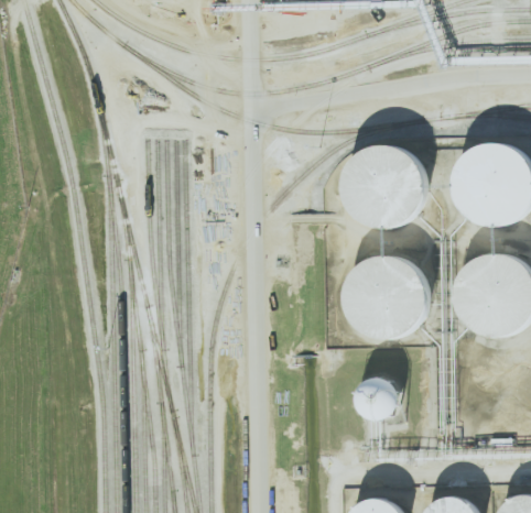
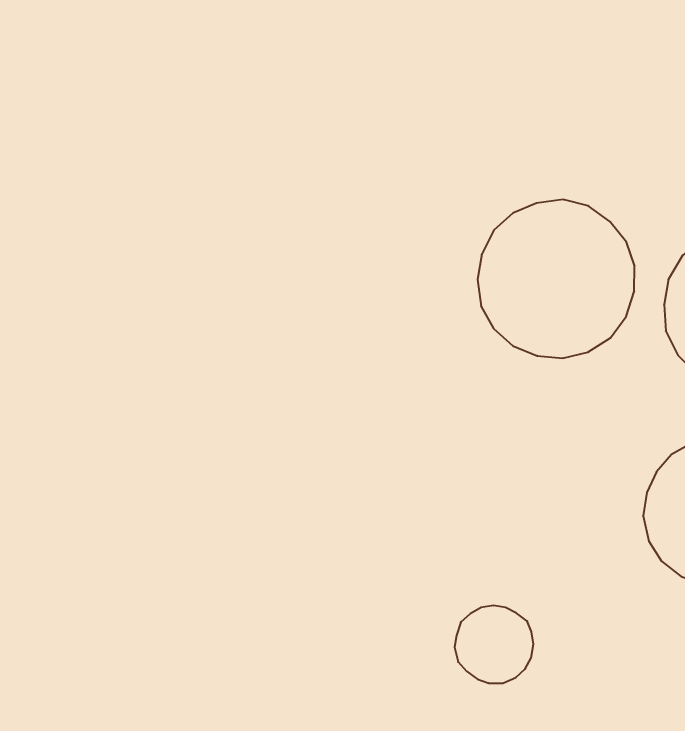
building: [342,263,422,343] -> none

